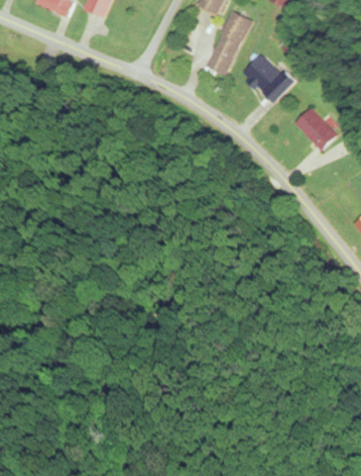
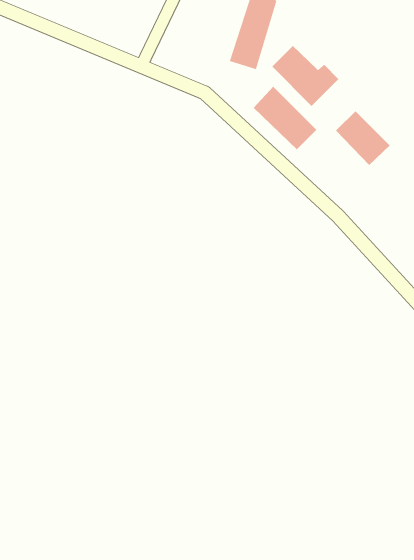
building: none -> [253,86,317,150]

